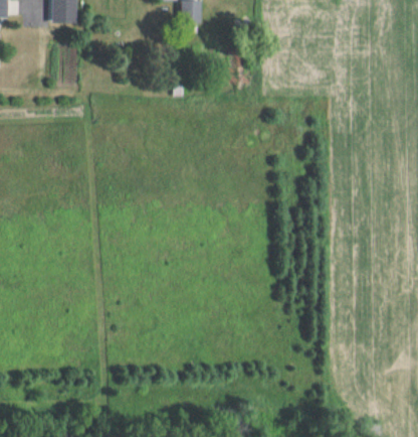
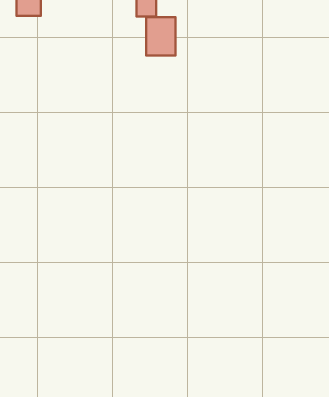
building: none -> [146,17,176,55]

